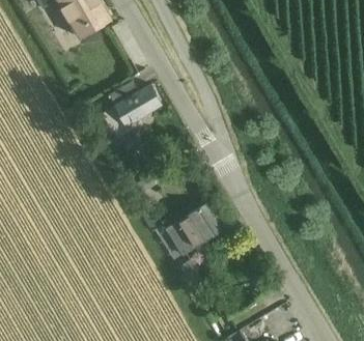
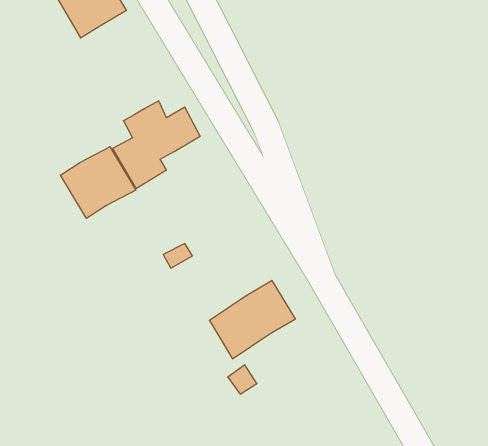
building: none -> [60,147,136,218]

